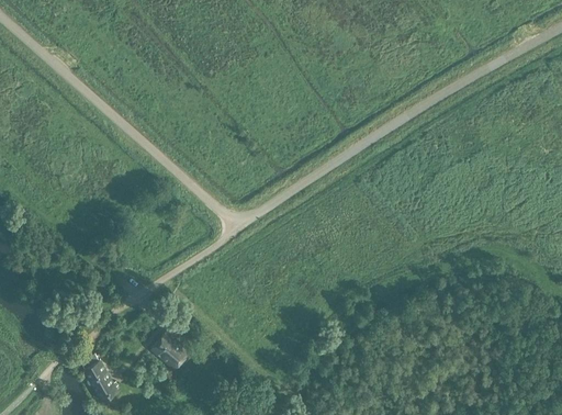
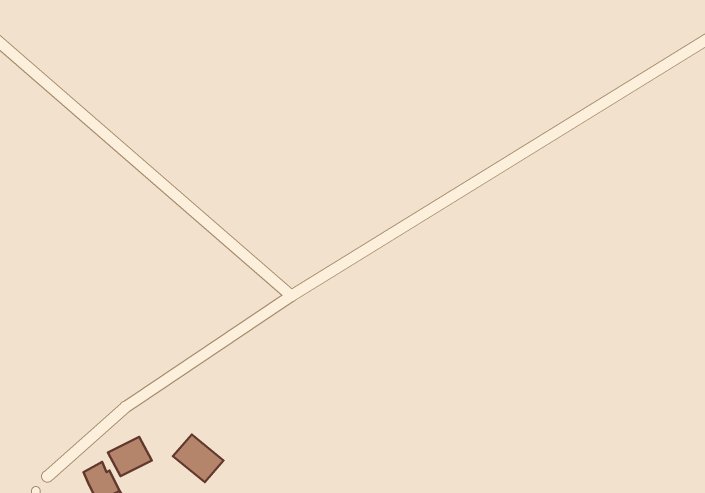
building: none -> [108,437,152,476]

